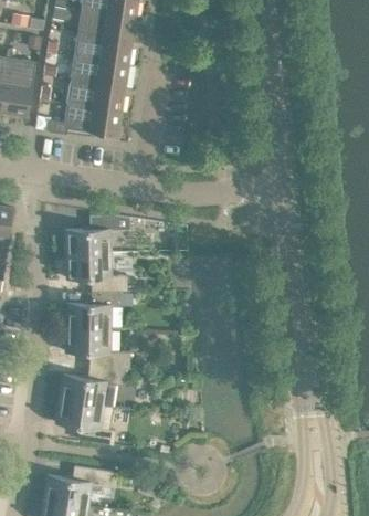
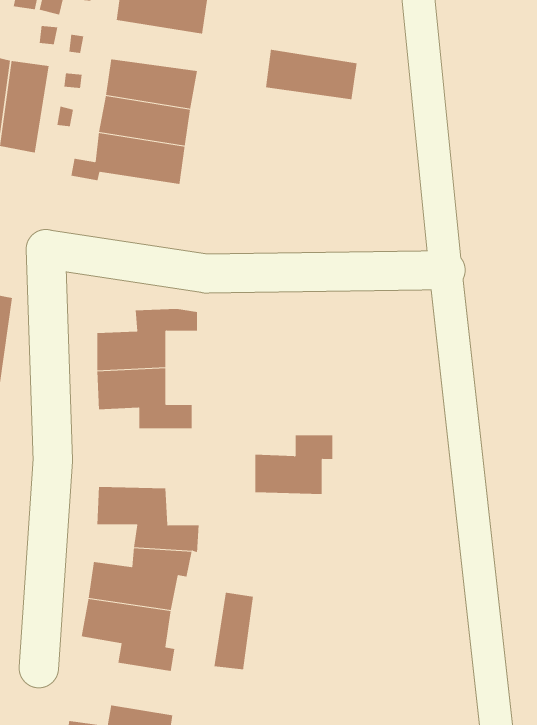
building: [74,33,133,65] -> [265,49,358,100]
building: [66,292,116,329] -> [255,435,333,494]
building: none -> [214,592,253,670]

